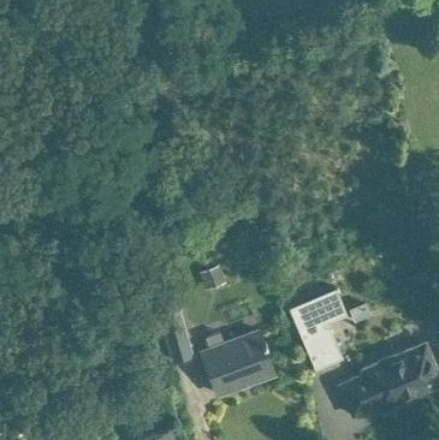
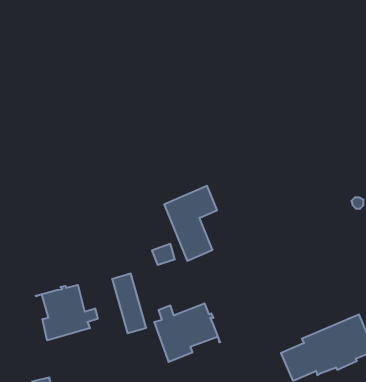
building: [291,289,349,370] -> [164,186,217,261]
building: none -> [36,285,98,340]

